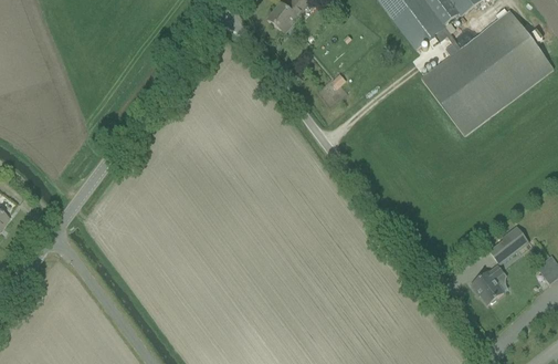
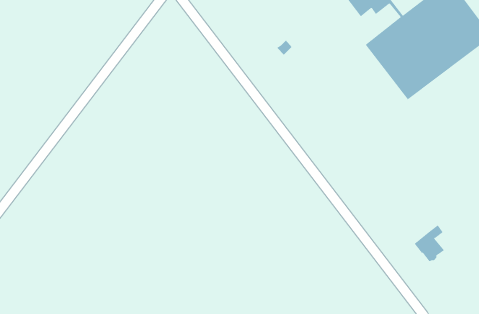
building: [488,225,529,264] -> none

